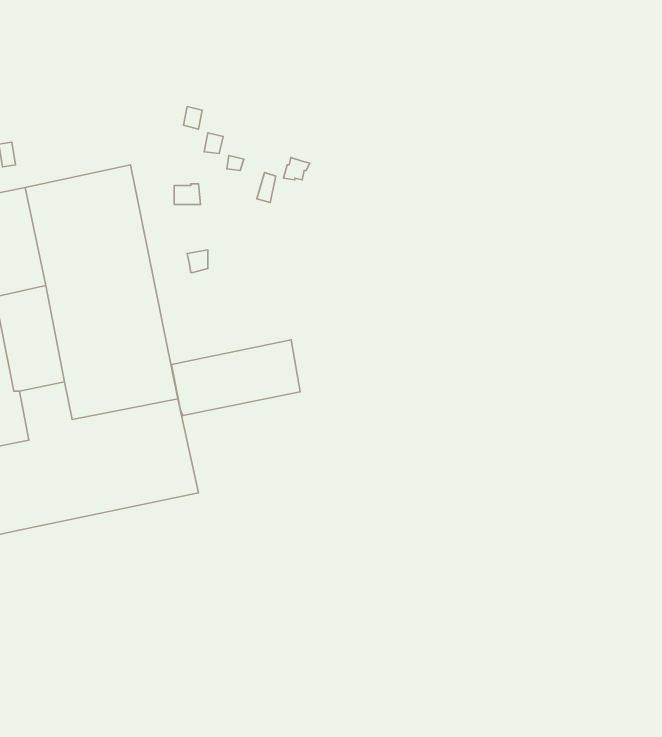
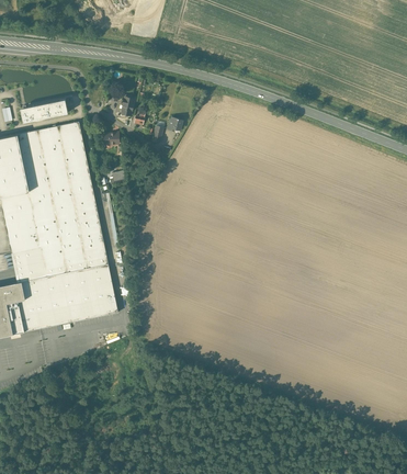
building: none -> [22,99,68,122]
building: [172,340,300,416] -> none

